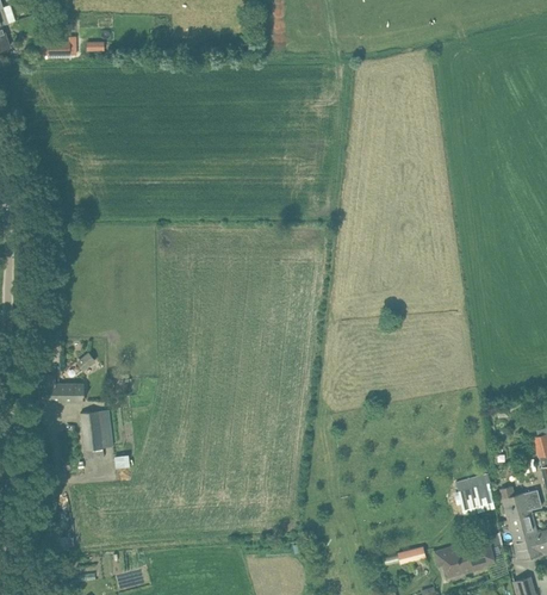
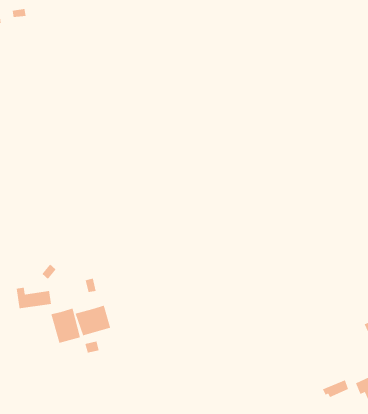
building: none -> [75,305,111,336]

